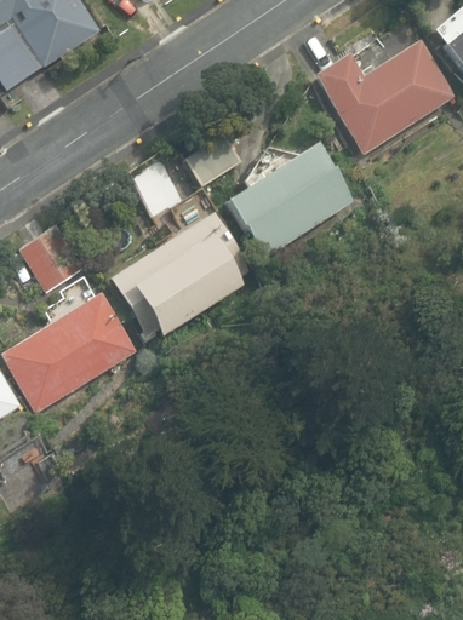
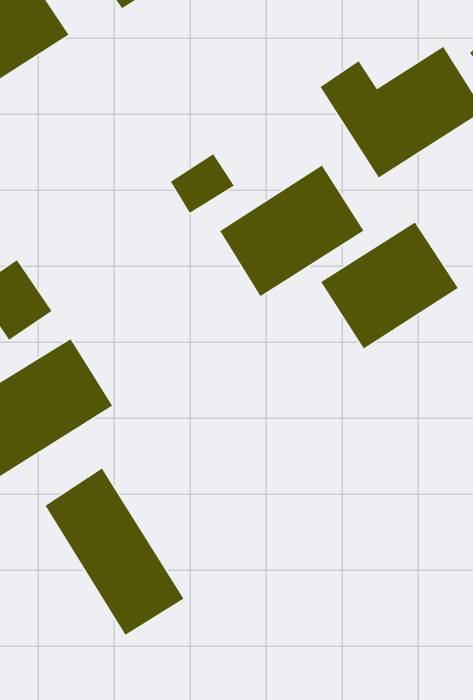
building: none -> [320,222,459,349]
building: [110,213,252,335] -> none
building: none -> [44,468,184,636]

